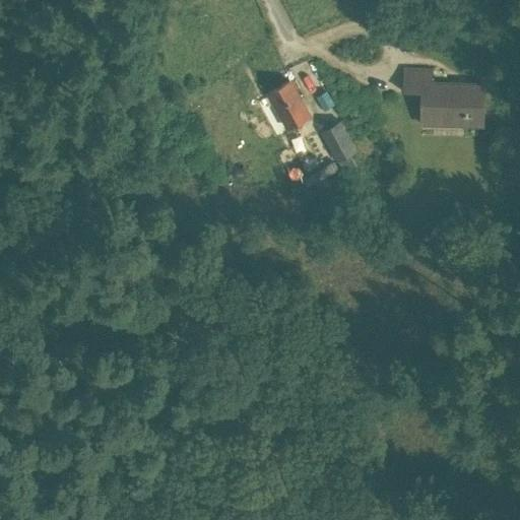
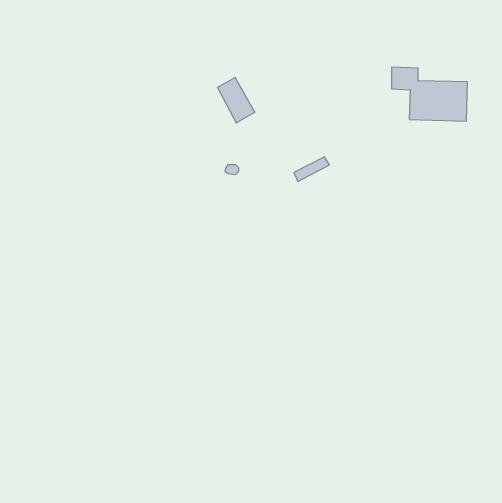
building: [271,82,310,129] -> [217,77,255,123]
building: [317,122,359,174] -> none

